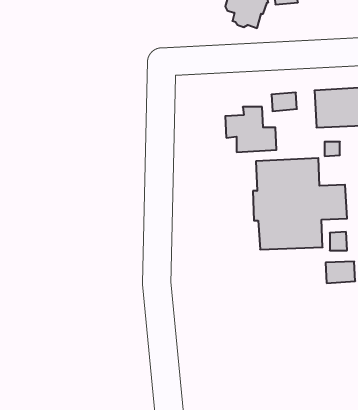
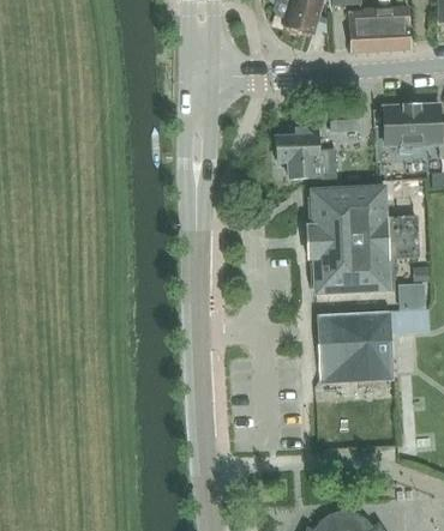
building: none -> [350,6,410,52]
building: none -> [314,310,395,388]

